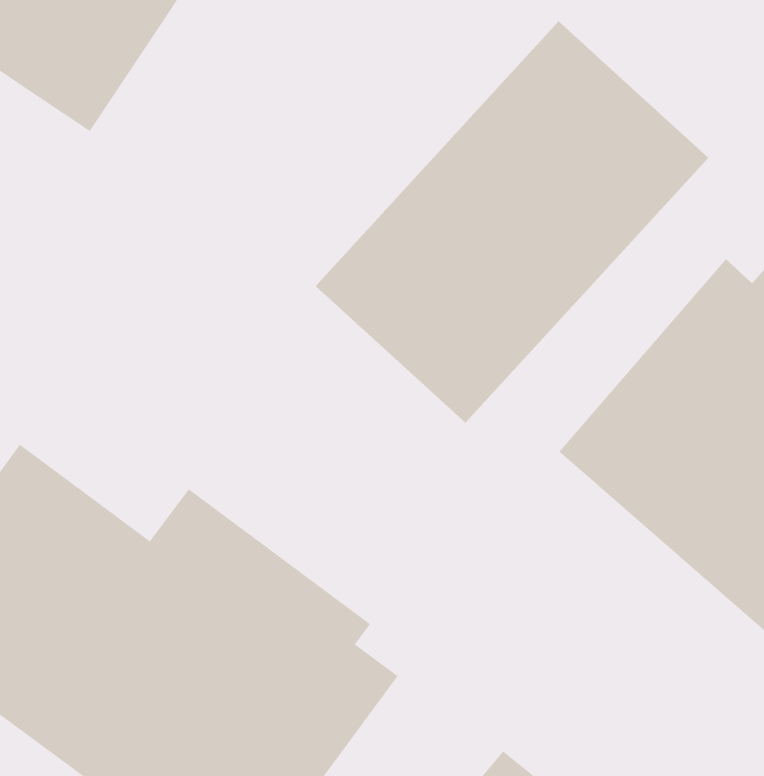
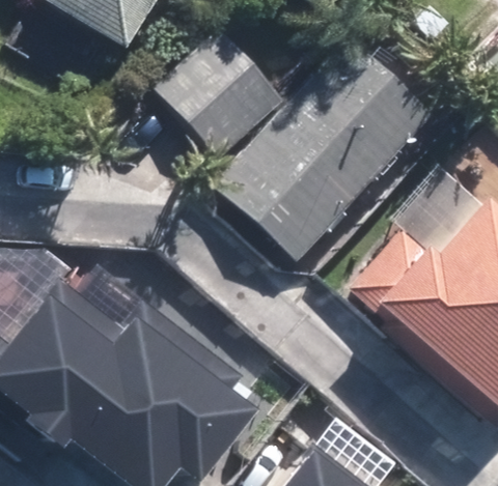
building: none -> [156,30,282,156]

